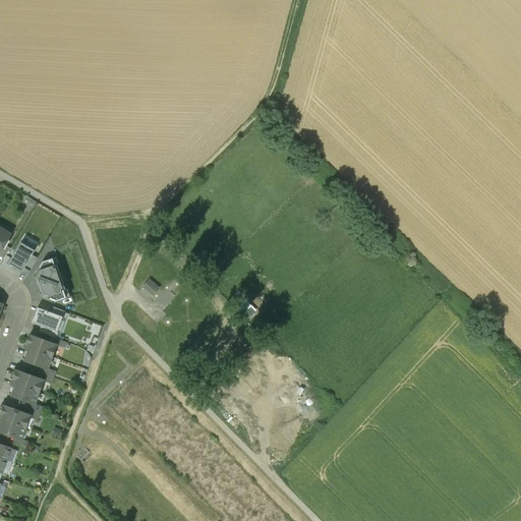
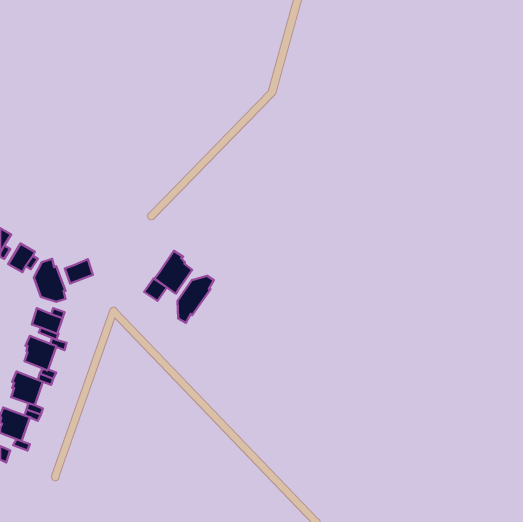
building: none -> [155,251,192,293]
building: none -> [65,259,93,283]
building: none -> [177,276,214,323]

